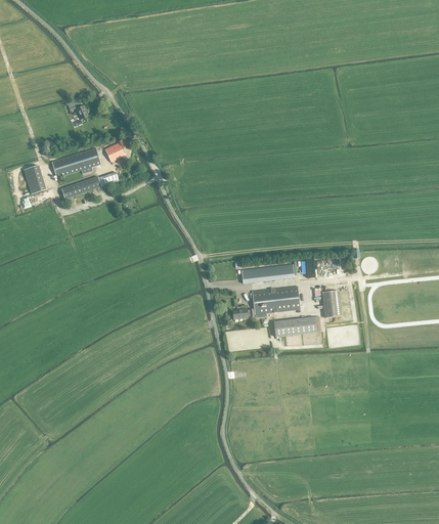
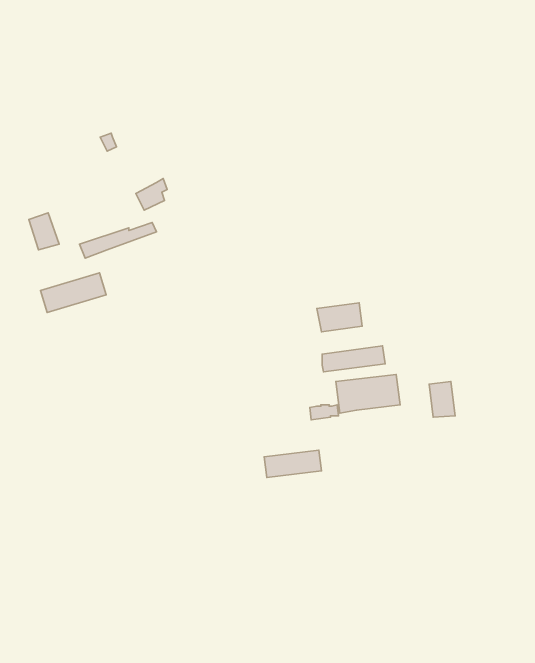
building: [49,147,98,177] -> [40,273,106,313]
building: none -> [317,303,362,332]
building: [273,315,316,336] -> [264,450,322,478]

